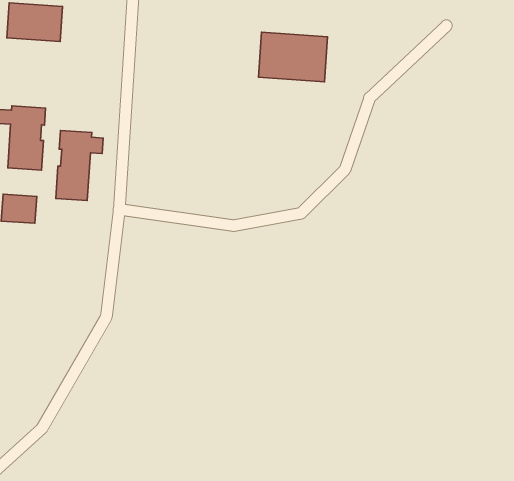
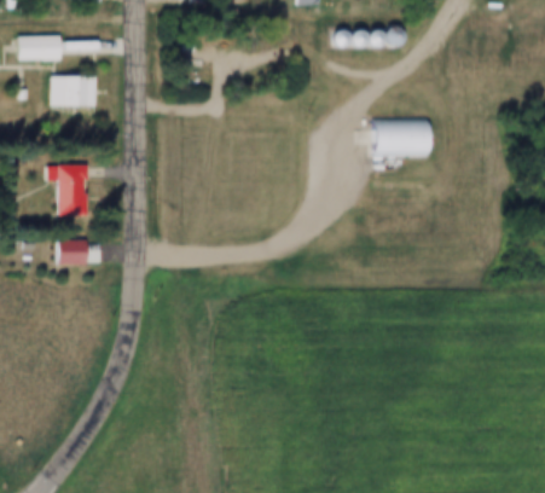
building: [258,32,328,82] -> [375,116,431,155]
building: [56,131,103,201] -> none

